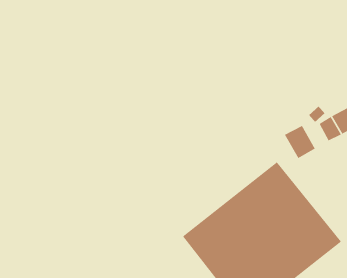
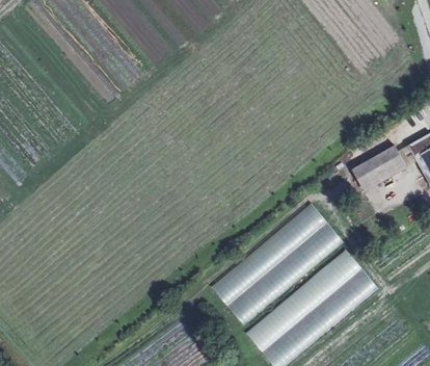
building: [284,125,315,159] -> none

